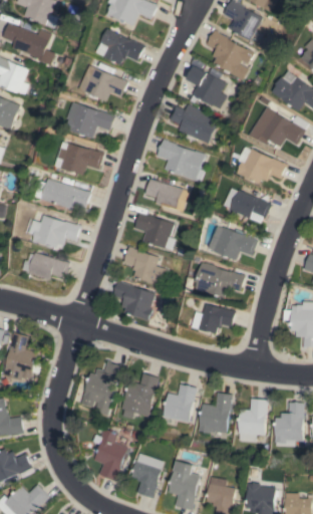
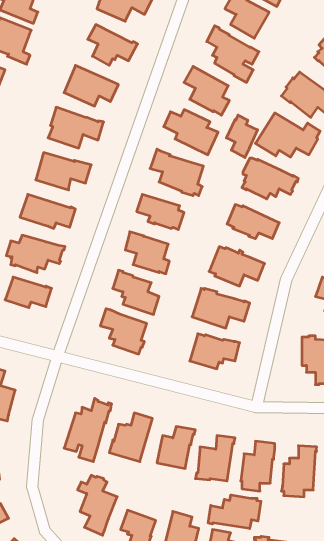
building: none -> [226,115,258,158]
building: none -> [208,495,261,529]

